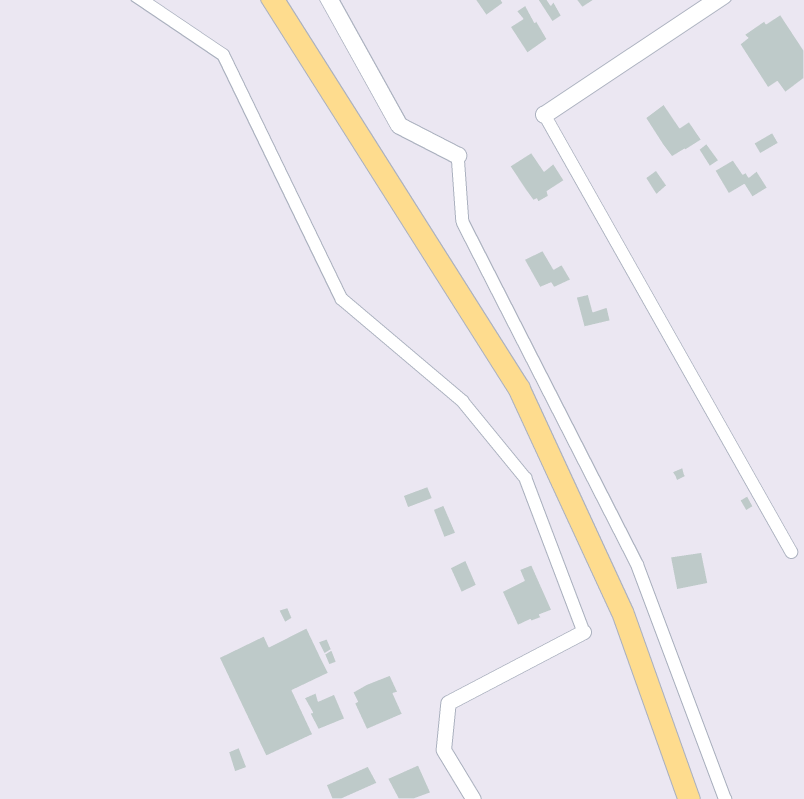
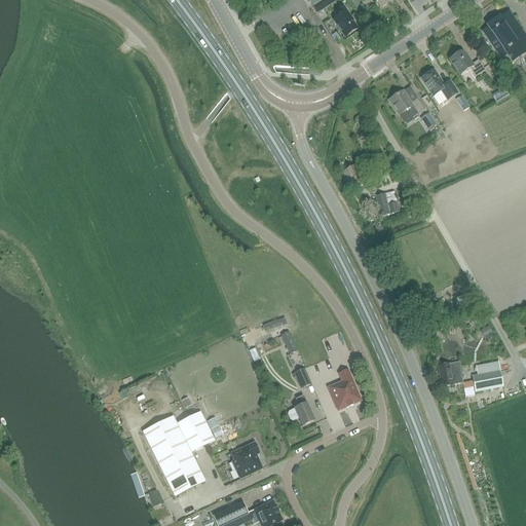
building: [510,152,565,202] -> [388,88,424,121]
building: [714,160,768,197] -> [450,50,485,75]
building: none -> [471,360,502,390]
building: none -> [288,393,313,424]
building: [304,693,345,730] -> none

